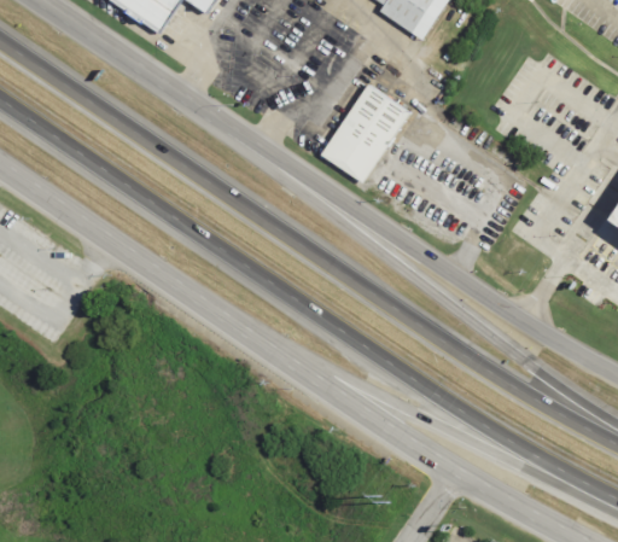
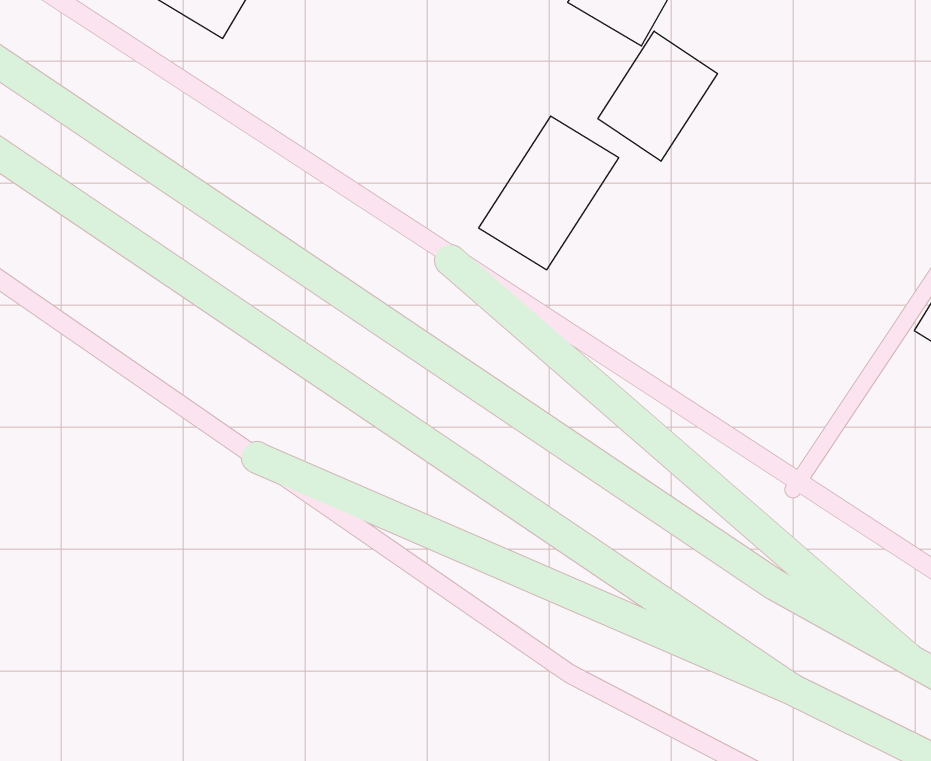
building: none -> [598,31,717,161]

